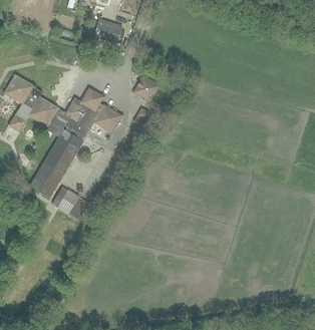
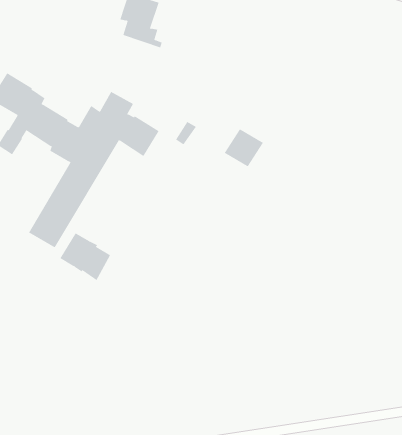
building: [132,74,161,101] -> [224,129,264,167]

